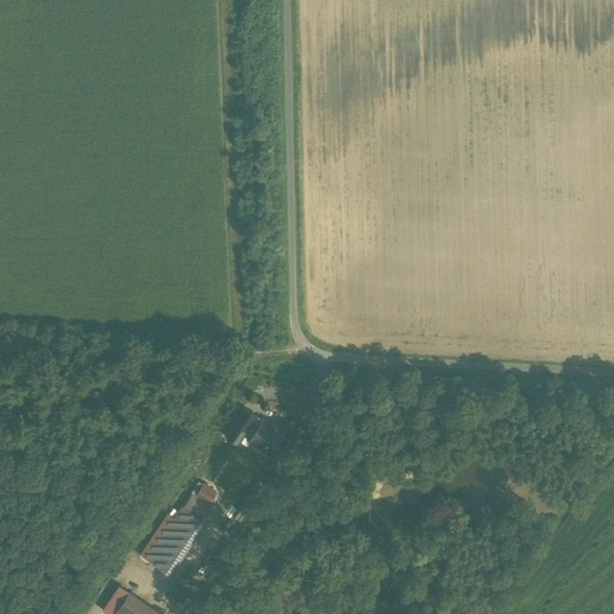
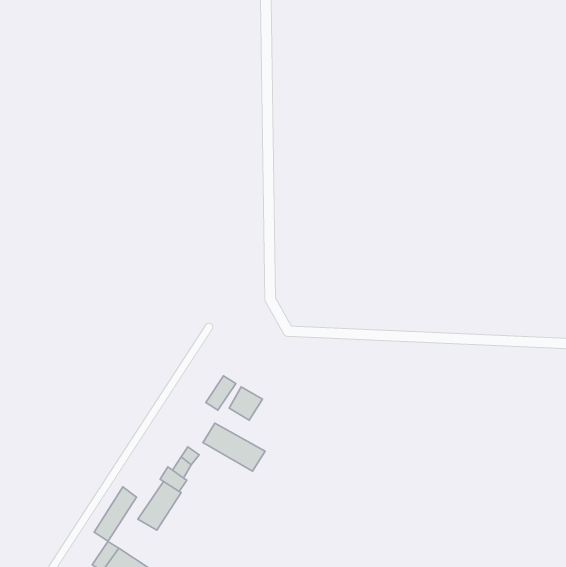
building: none -> [203,423,265,471]
building: none -> [94,487,137,541]

